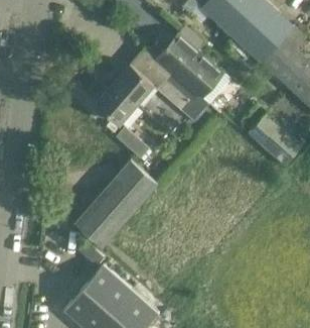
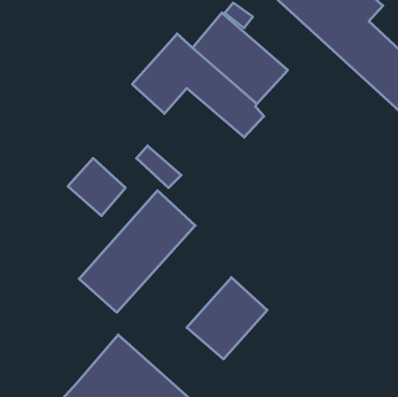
building: [94,83,135,124] -> [68,158,125,216]
building: [251,117,294,158] -> none
building: none -> [187,277,267,359]

